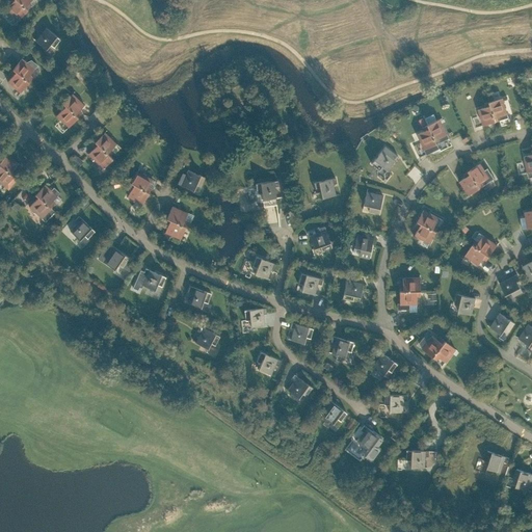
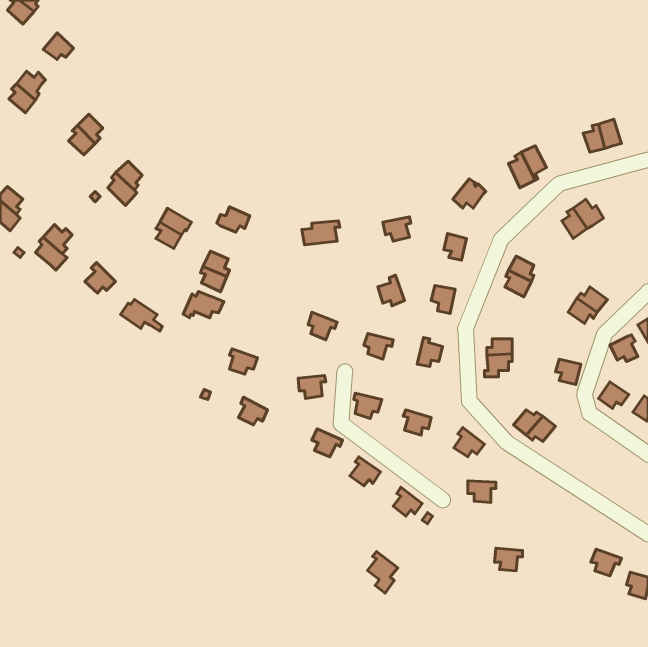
building: [133,269,166,291] -> [183,291,224,318]
building: [356,426,381,460] -> [367,551,398,593]

